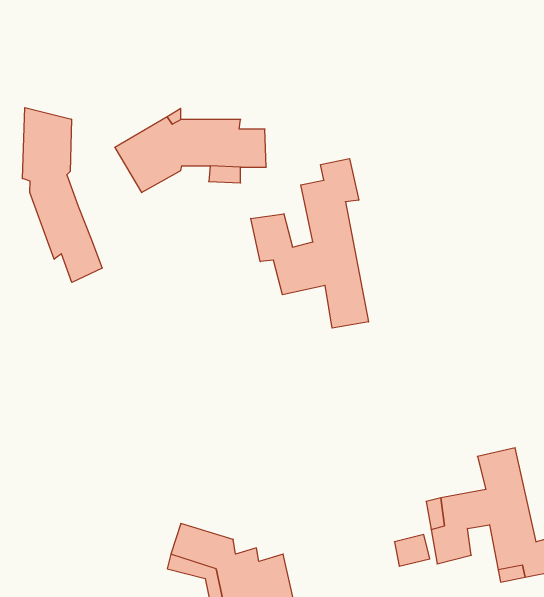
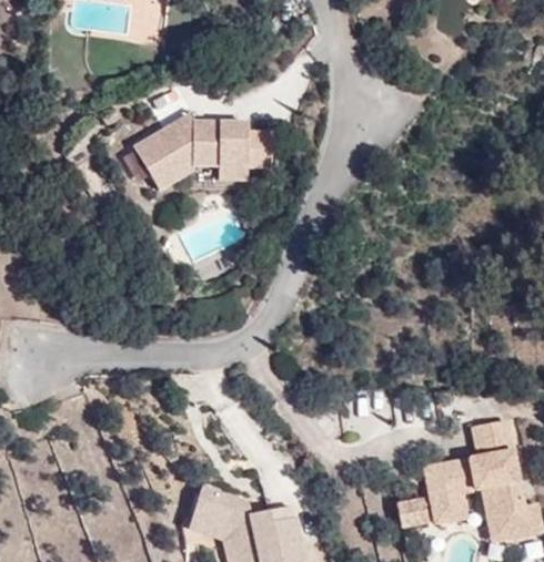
building: [22,108,102,282] -> none
building: [251,159,368,328] -> none

